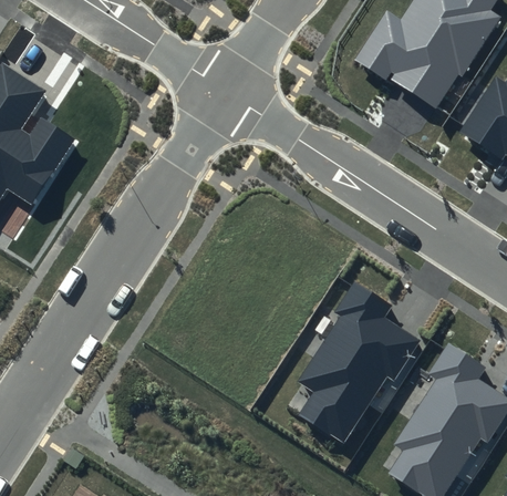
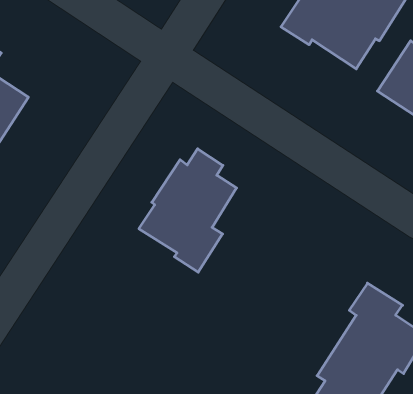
building: none -> [139,149,237,272]
building: [298,281,421,444] -> none

